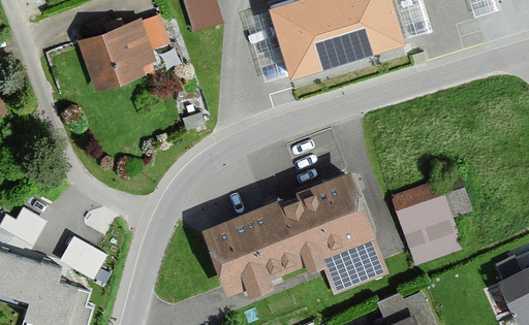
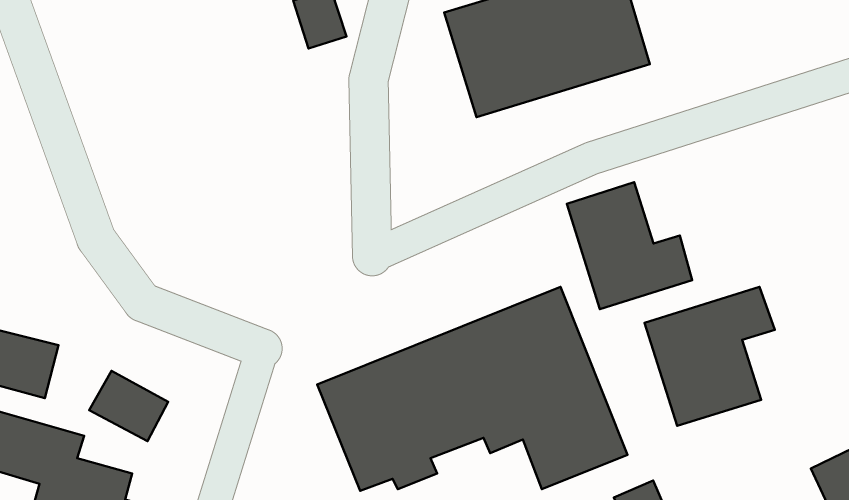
building: [74,18,166,94] -> none
building: none -> [567,182,692,309]

